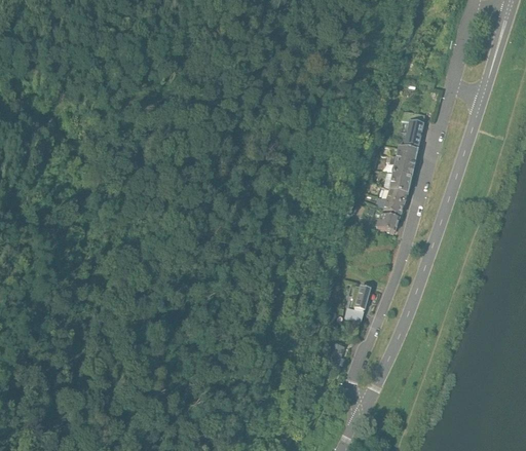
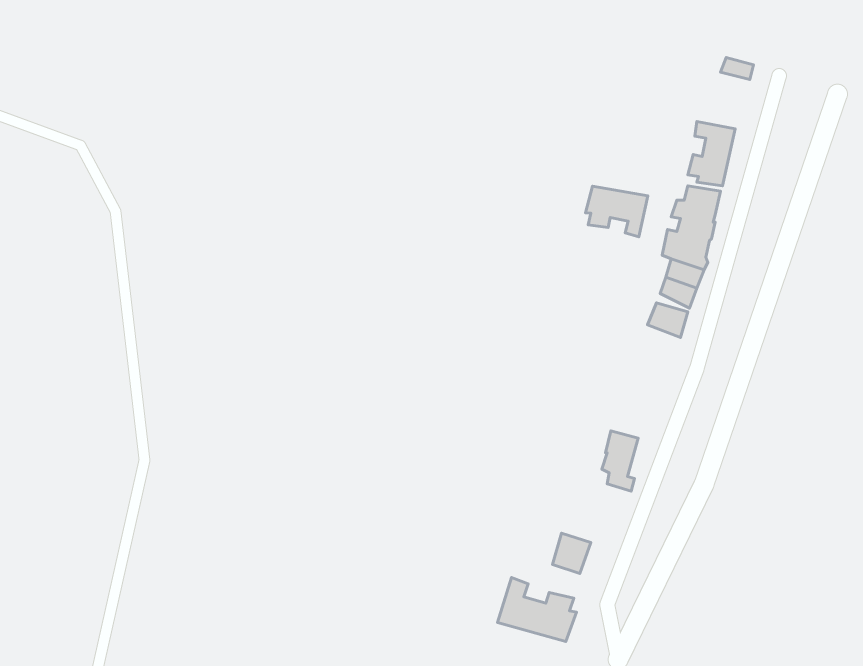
building: none -> [585,186,648,237]
building: none -> [497,578,576,641]

